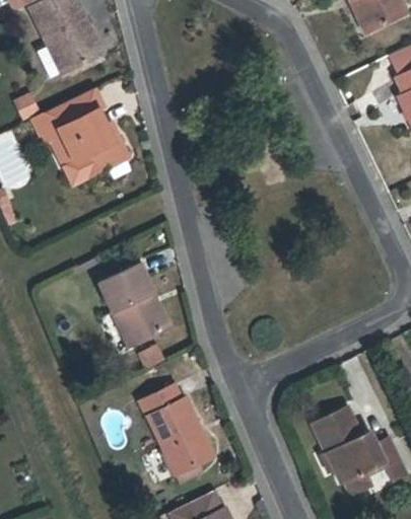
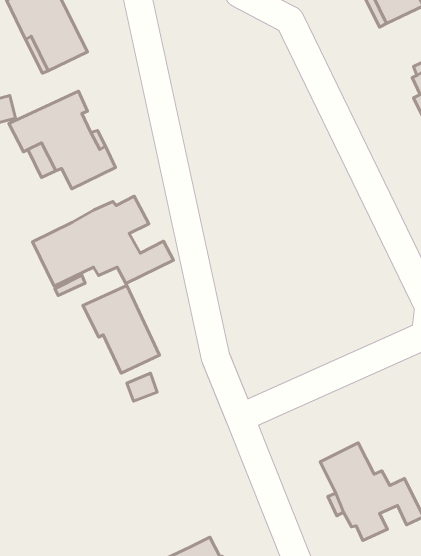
building: none -> [33,196,174,286]
building: [140,383,212,483] -> none

